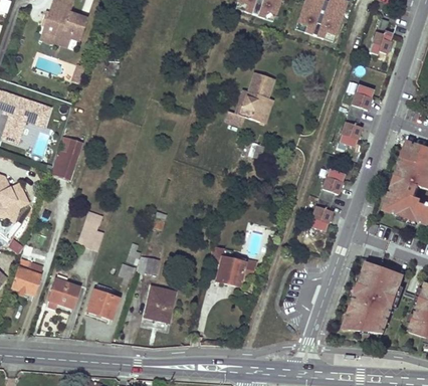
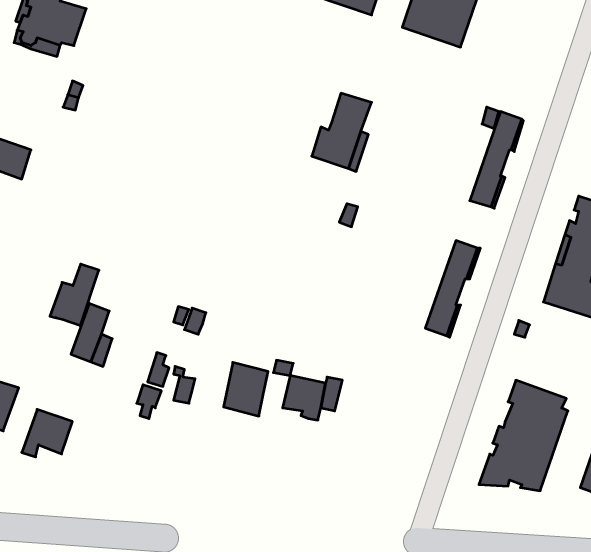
building: [370,18,393,54] -> none
building: [50,139,82,179] -> [50,264,99,325]
building: [86,282,118,318] -> none
building: [145,285,174,321] -> [224,362,268,416]

